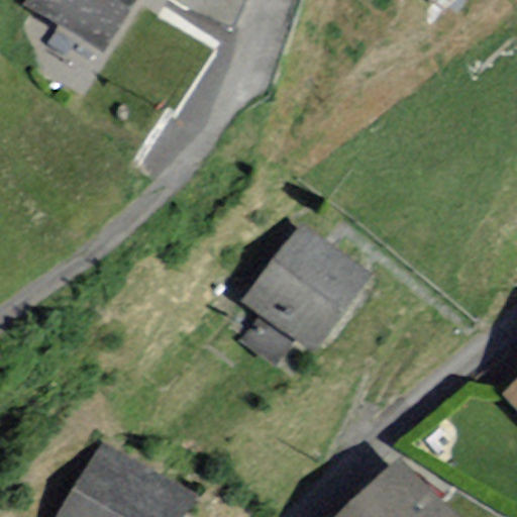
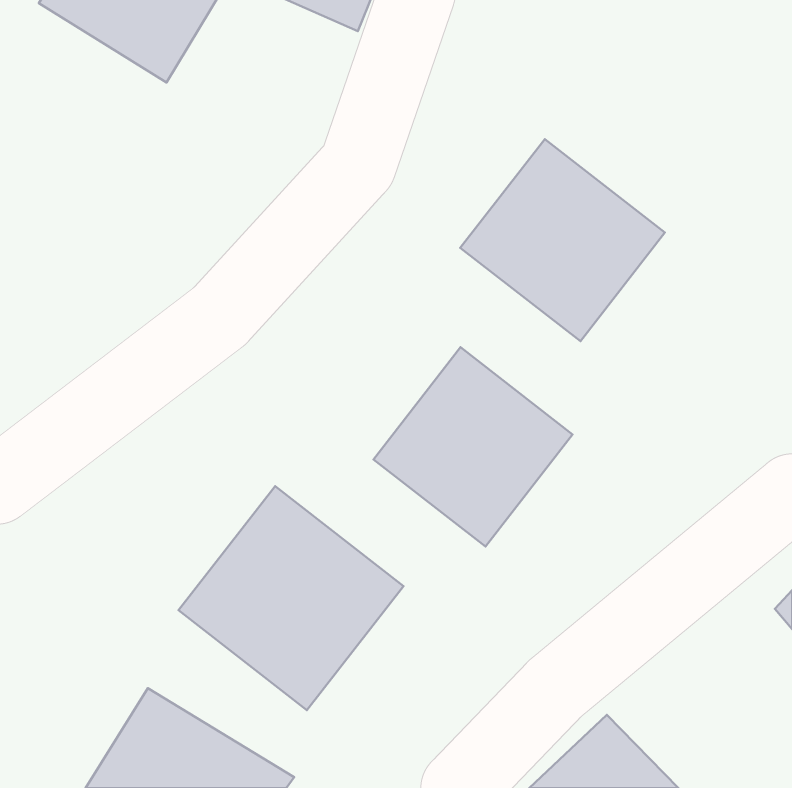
building: none -> [460,139,665,341]
building: none -> [178,486,404,710]

